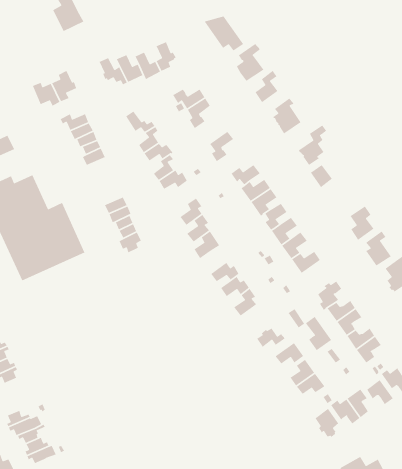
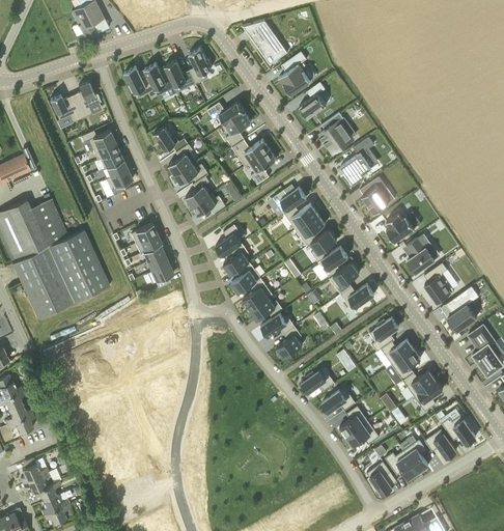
building: none -> [232,139,270,166]
building: none -> [386,213,415,242]
building: none -> [243,278,273,310]
building: [305,316,332,351] -> none

